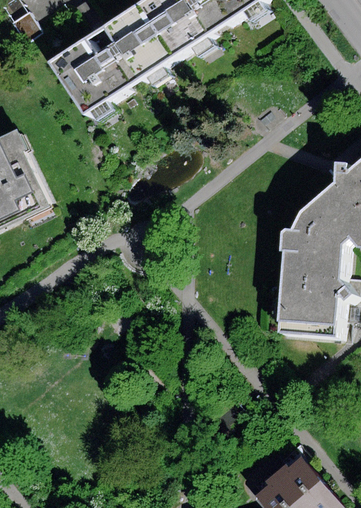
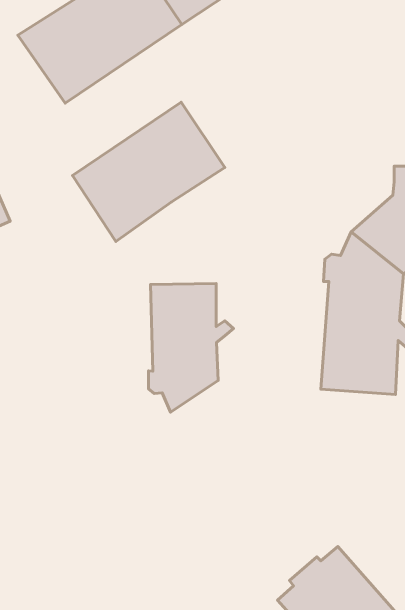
building: none -> [73,102,225,242]
building: none -> [148,283,234,412]

